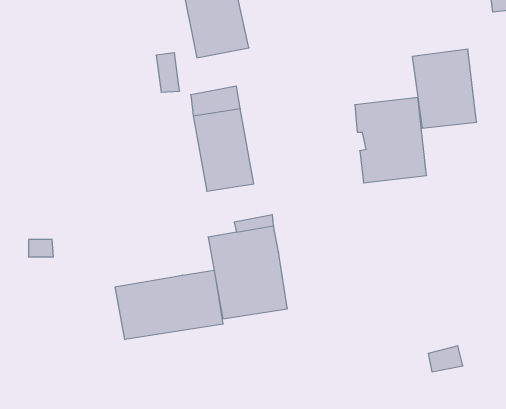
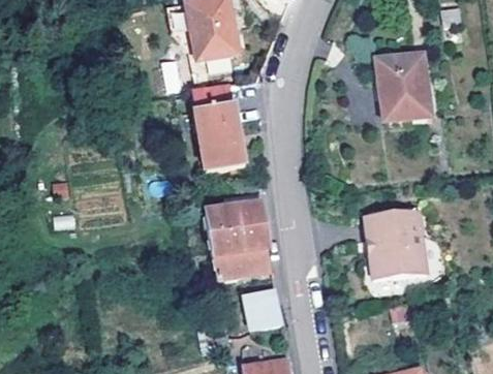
building: [355,97,427,183] -> [364,210,424,281]
building: [115,270,223,340] -> none
building: none -> [244,287,280,330]

